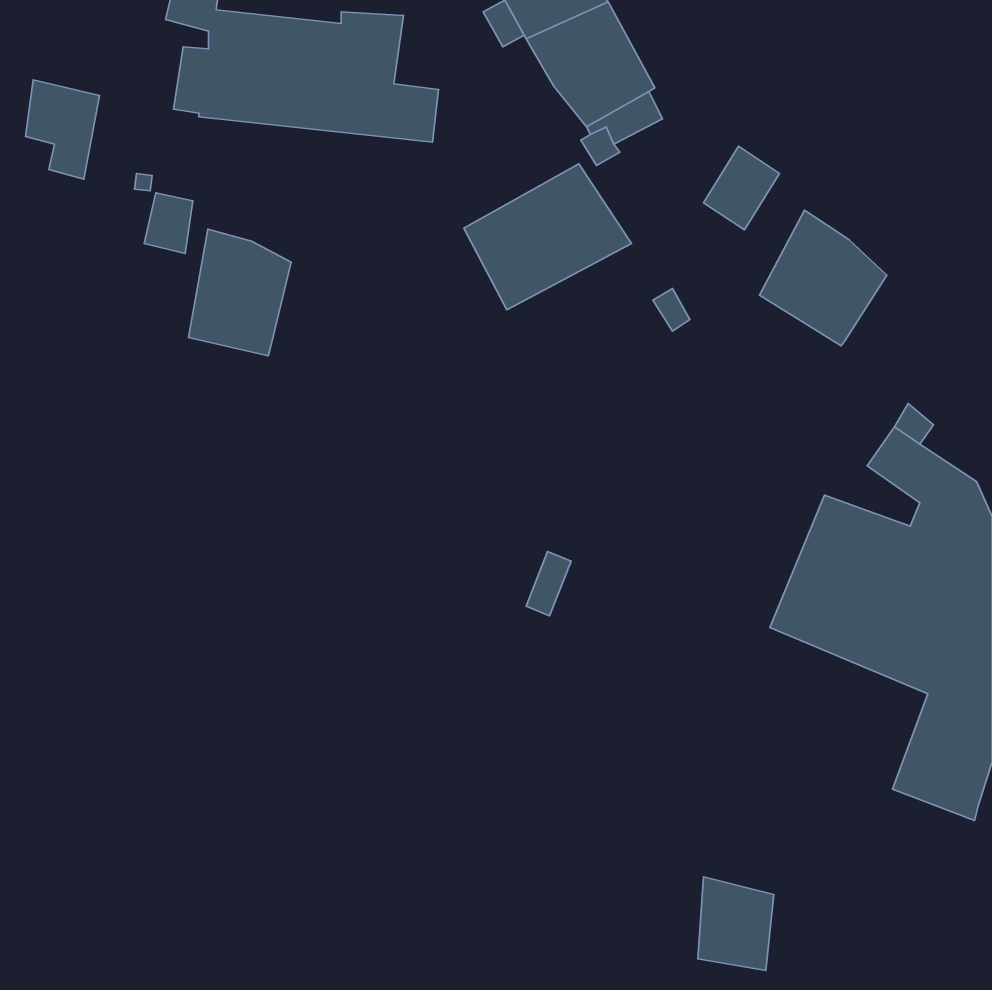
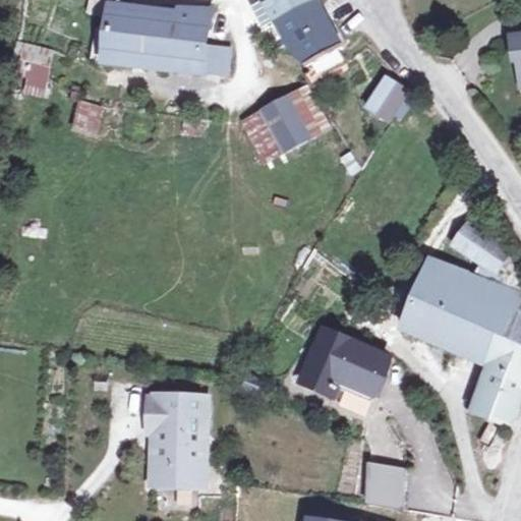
building: [760,210,887,346] -> none
building: [189,229,291,356] -> none
building: none -> [304,329,389,394]
building: none -> [148,394,207,485]

